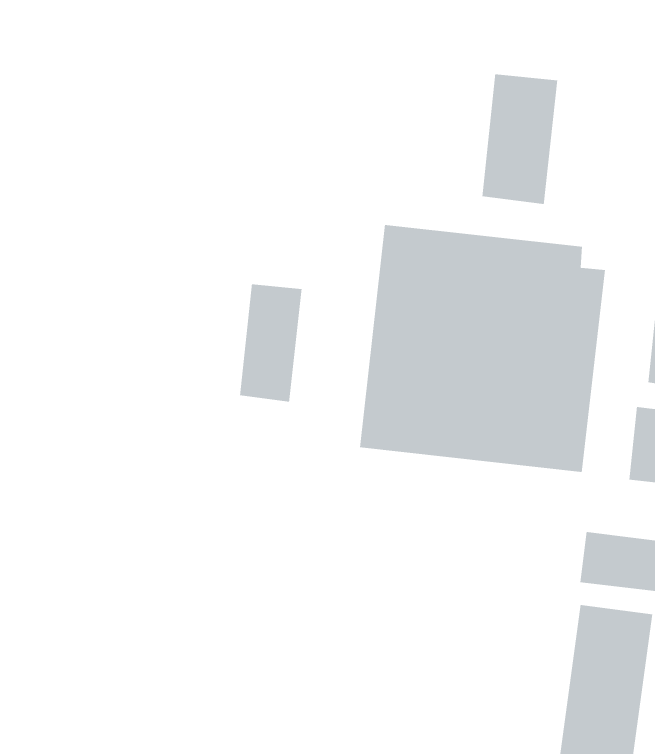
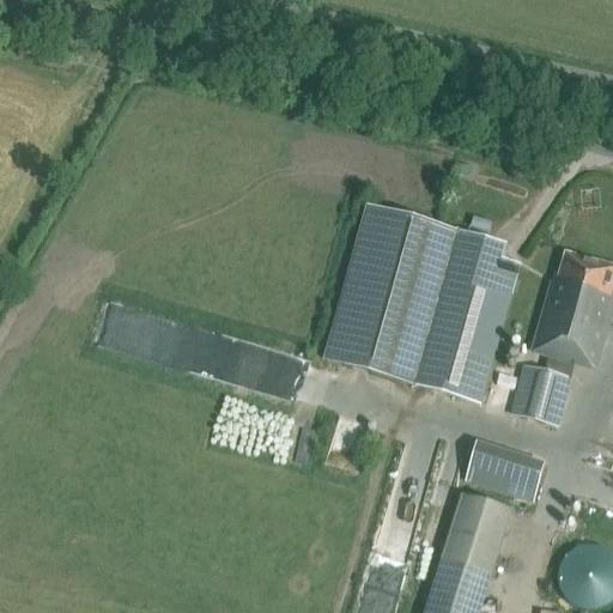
building: [482,73,558,205] -> none
building: [240,284,302,403] -> none

